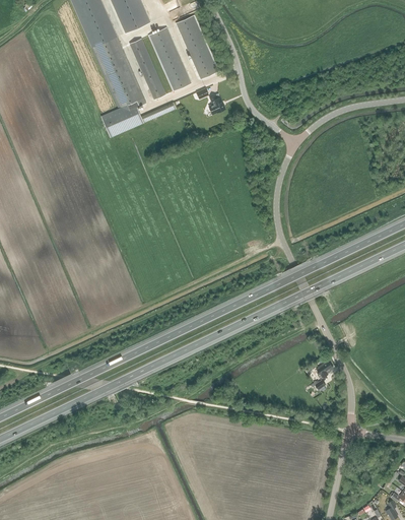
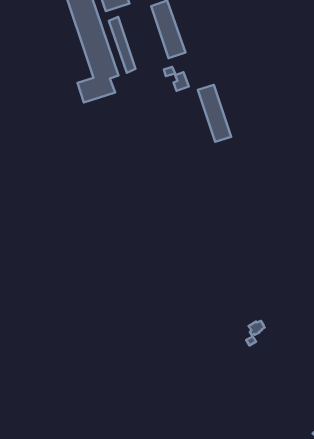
building: [149,27,191,90] -> [198,85,231,142]

